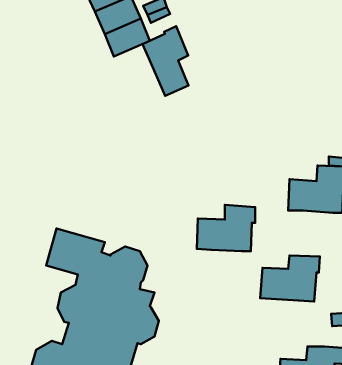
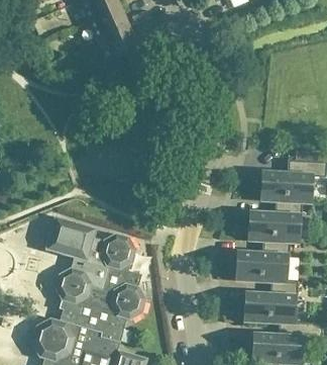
building: [143,26,188,96] -> none
building: [197,205,255,251] -> [250,200,303,242]
building: none -> [245,281,299,323]

